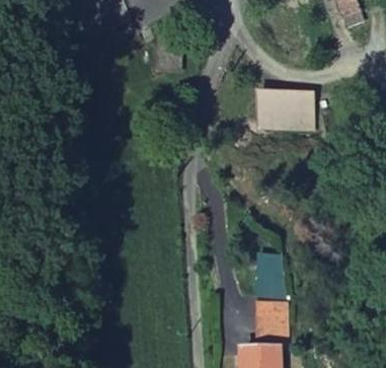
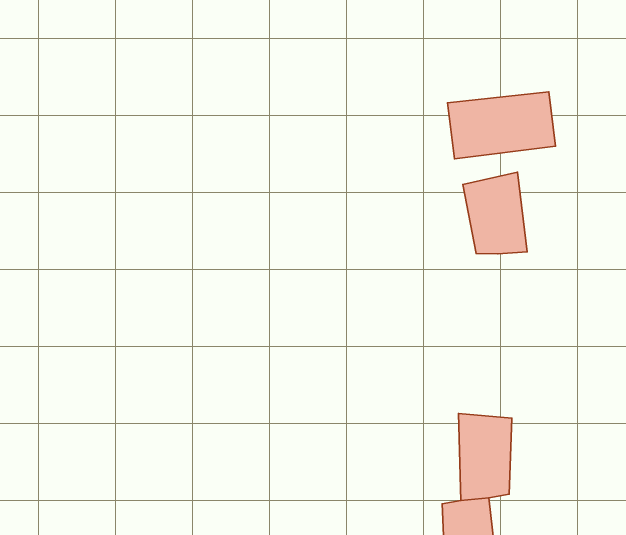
building: none -> [463,172,527,254]

